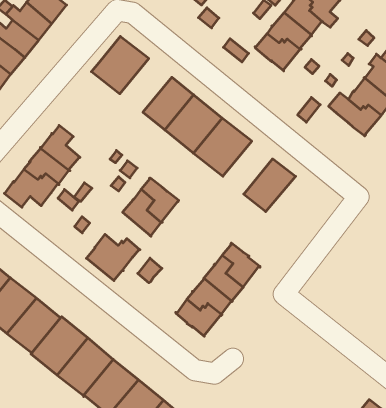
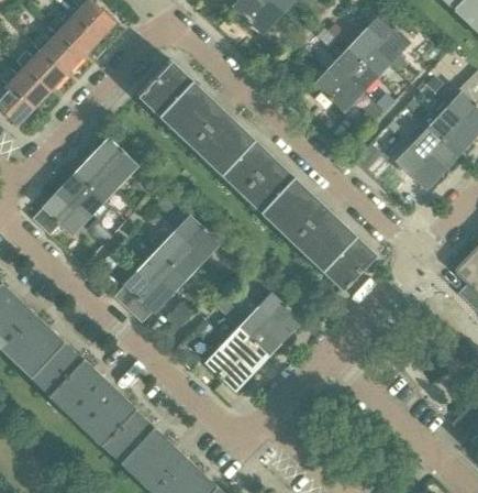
building: none -> [165,87,222,144]
building: none -> [97,138,137,187]
building: none -> [268,185,323,241]
building: none -> [311,227,371,291]
building: none -> [136,250,185,292]

